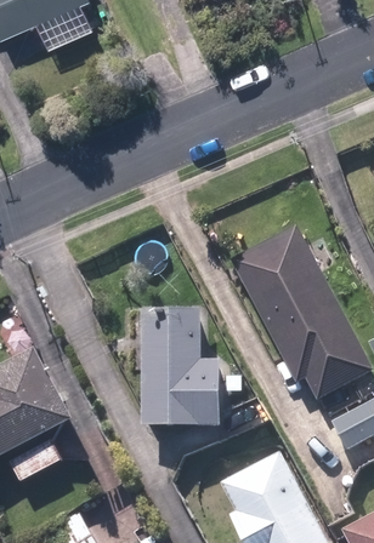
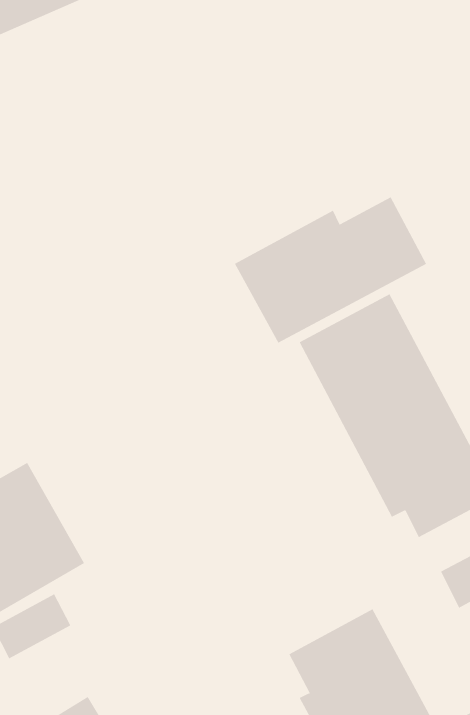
building: none -> [234,197,427,344]
building: [141,309,221,429] -> none

